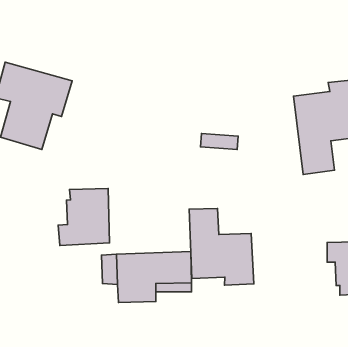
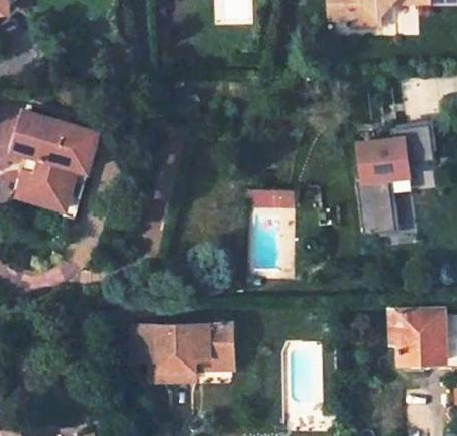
building: [58,188,110,246] -> none
building: [189,208,254,285] -> none

